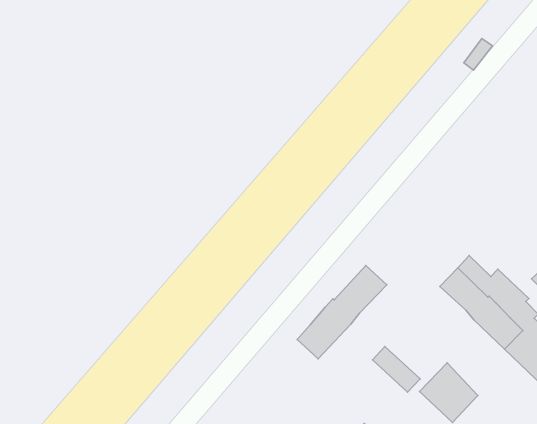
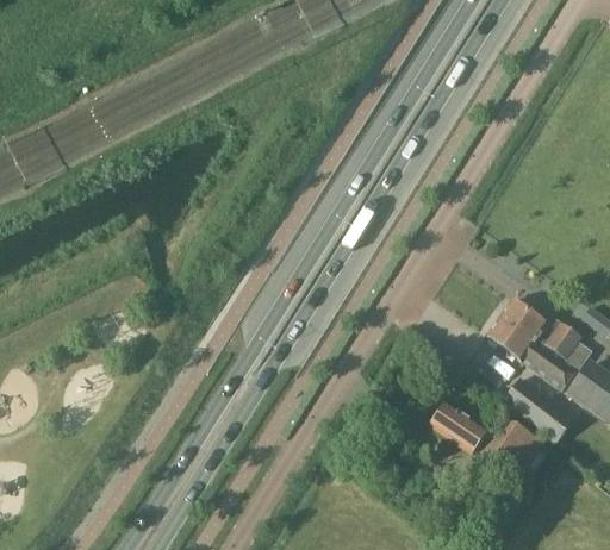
building: [297,266,387,359] -> none
building: none -> [503,375,574,439]

